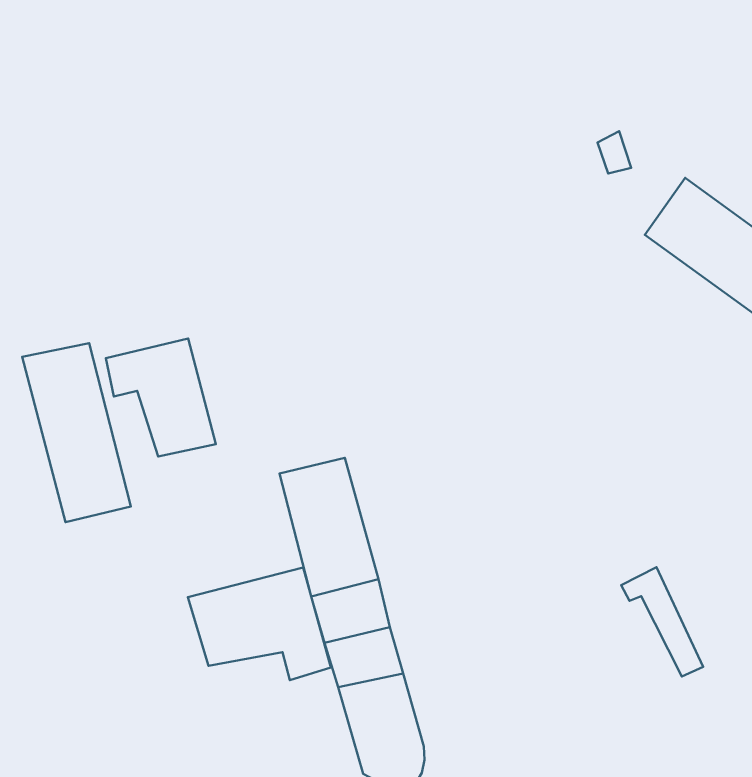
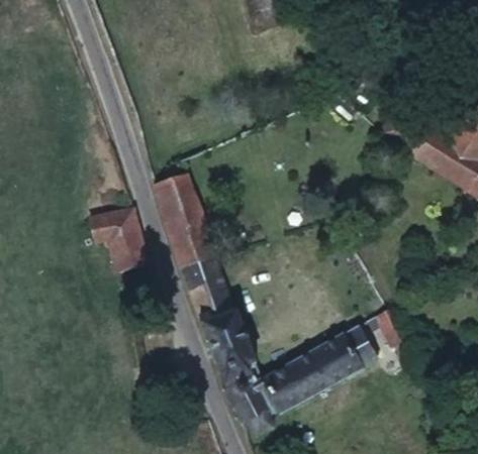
building: [22,343,131,522] -> [154,178,218,274]
building: [188,567,331,680] -> none
building: none -> [270,328,380,415]

